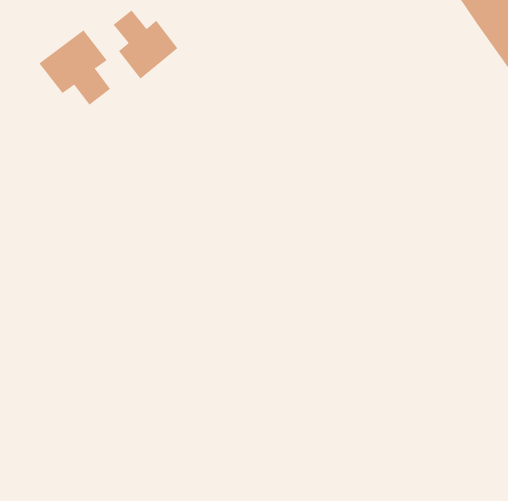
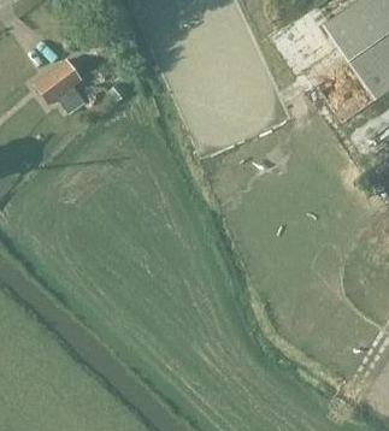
building: [113,10,178,80] -> none

